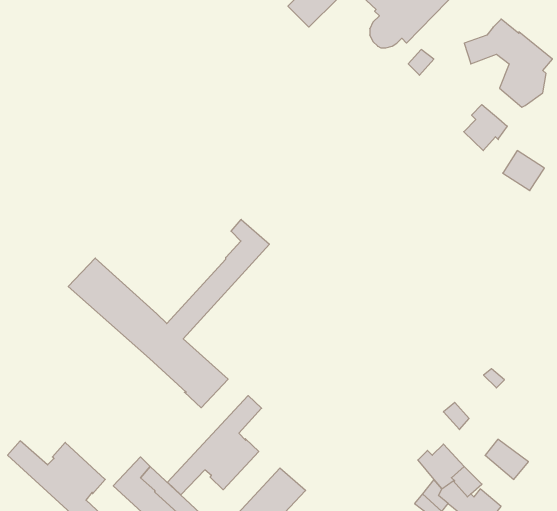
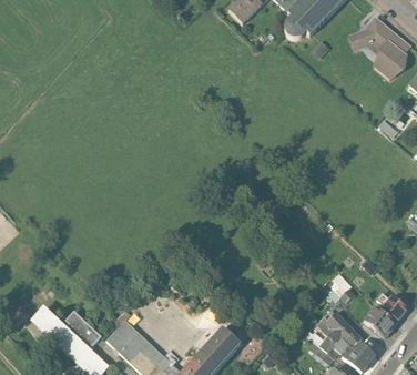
building: [464,105,507,151] -> none
building: [68,219,269,408] -> none
building: [167,396,262,495] -> none
building: none -> [375,293,407,323]

